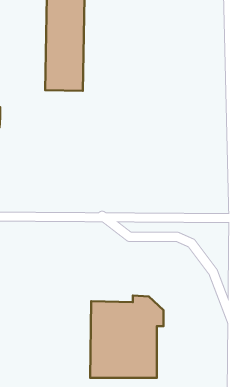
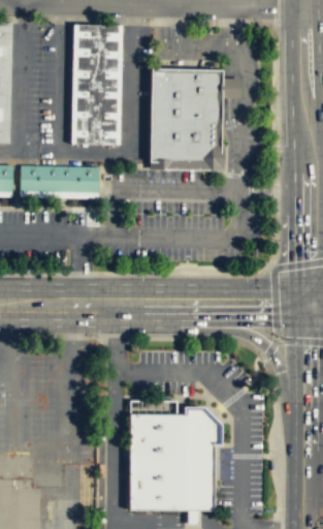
building: none -> [149,66,222,169]
building: none -> [20,165,98,193]

